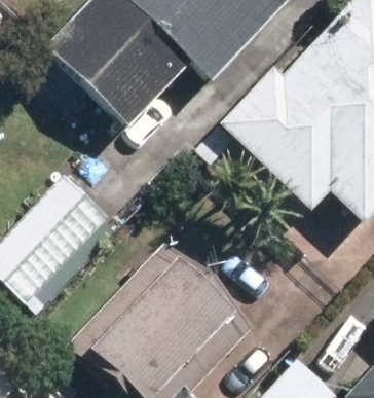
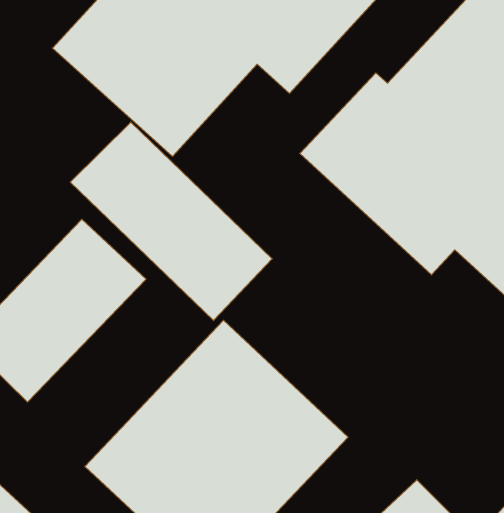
building: none -> [70,122,272,321]

